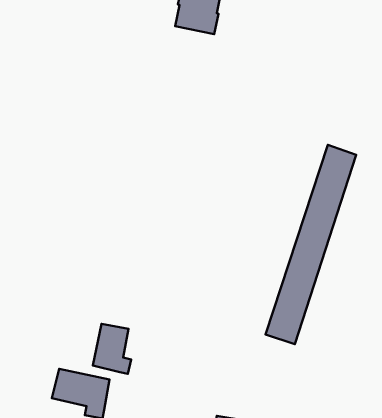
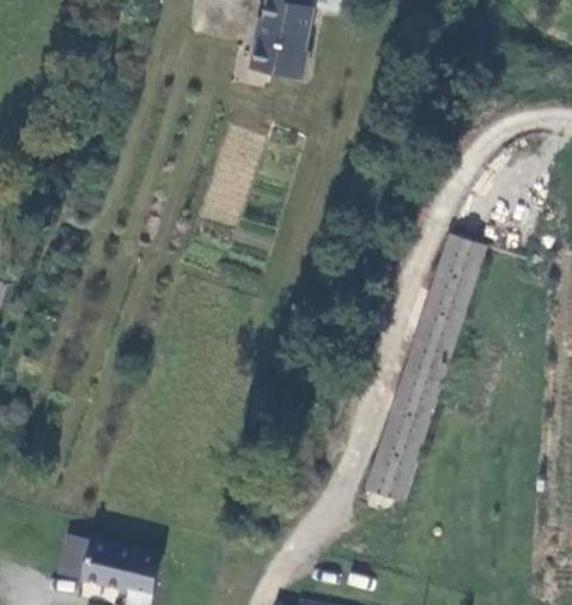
building: [93,324,131,374] -> none

